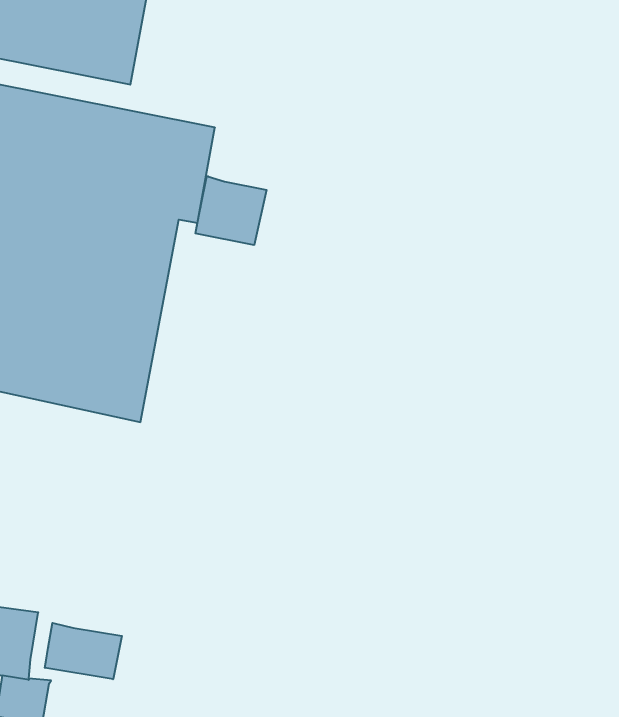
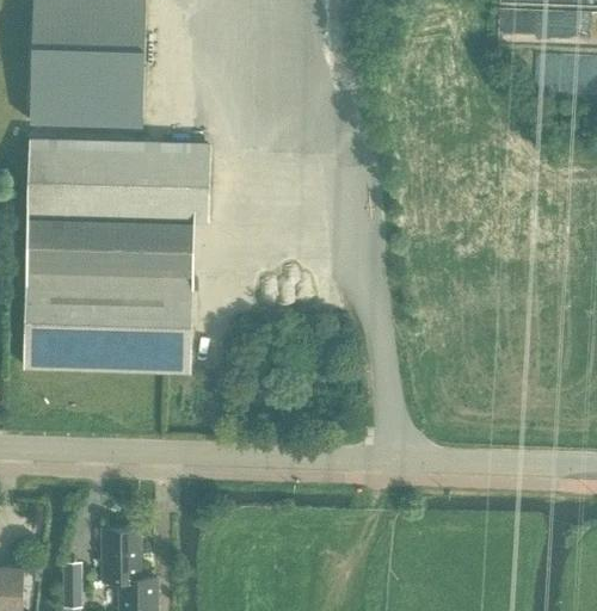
building: [195,176,267,245] -> none
building: [45,623,122,679] -> none

